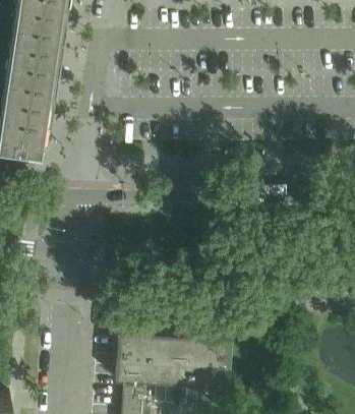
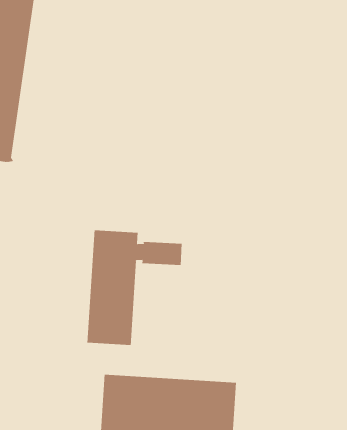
building: none -> [87,229,182,346]

